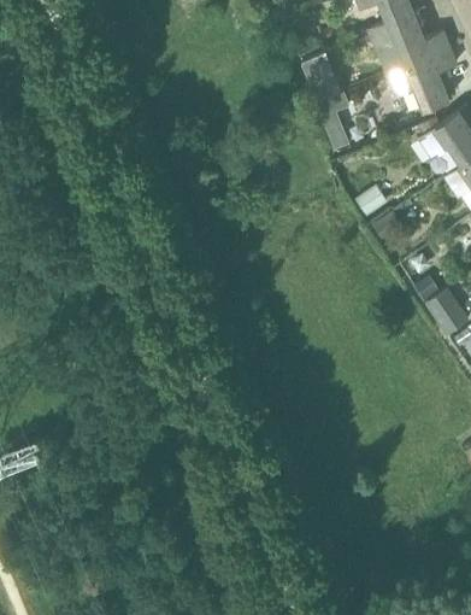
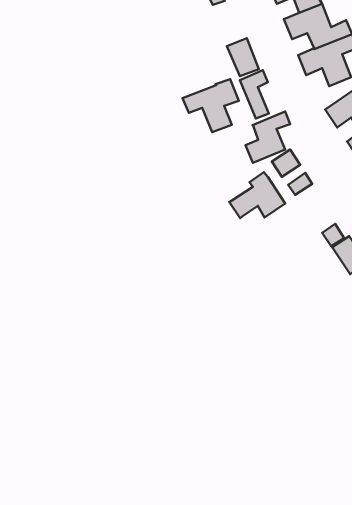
building: none -> [183,79,239,132]
building: none -> [245,111,290,163]
building: none -> [229,172,285,218]

